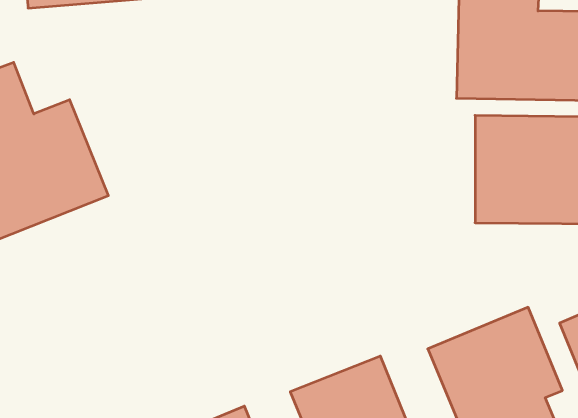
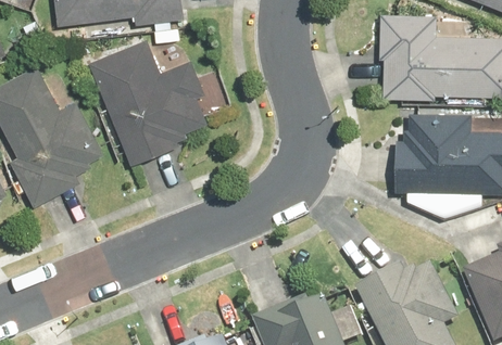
building: none -> [86,30,228,162]

